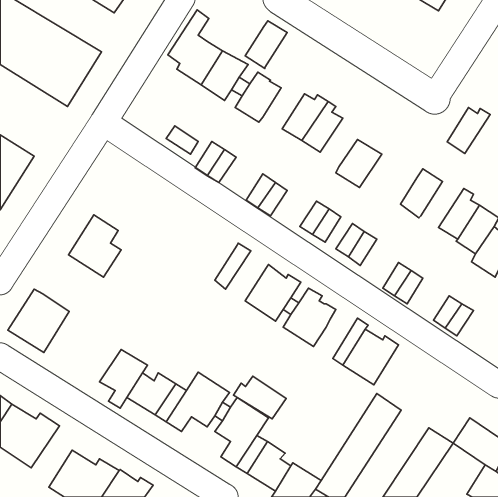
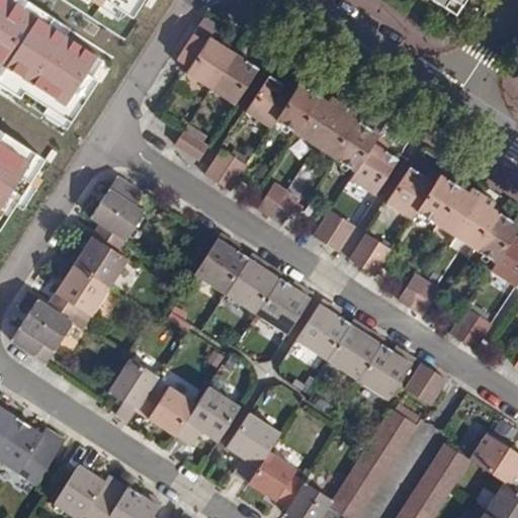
building: [245,21,287,69] -> [273,85,317,135]
building: [447,108,490,154] -> [437,188,482,236]
building: none -> [332,122,377,173]
building: none -> [385,166,433,219]
building: none -> [89,175,145,241]
building: none -> [195,234,247,290]
building: none -> [235,260,277,312]
building: none -> [46,264,108,329]
building: none -> [326,321,371,371]
building: none -> [406,361,446,404]
building: [233,376,286,419] -> none

